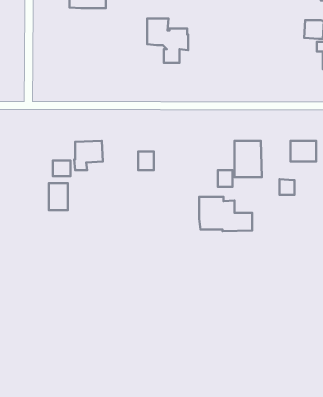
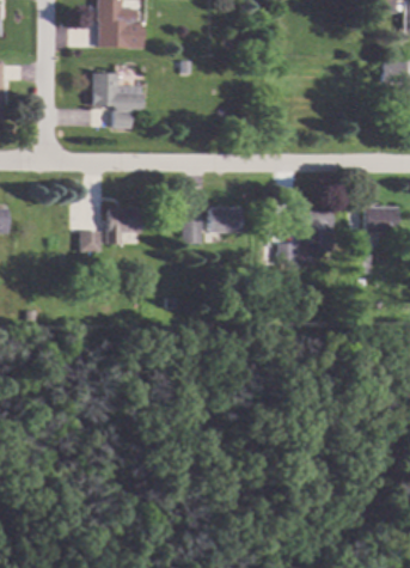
building: [147,19,188,63] -> [92,73,142,127]
building: none -> [207,207,241,232]
building: [49,183,68,210] -> none
building: [199,197,252,231] -> none

